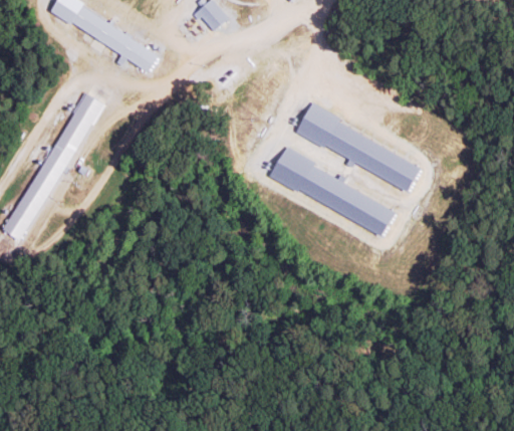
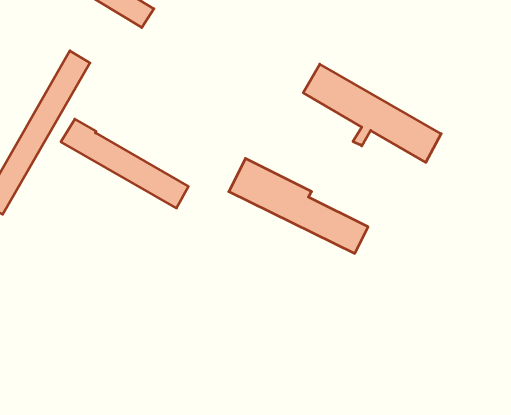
building: [270,148,397,234] -> [229,158,368,253]
building: none -> [61,119,188,208]

